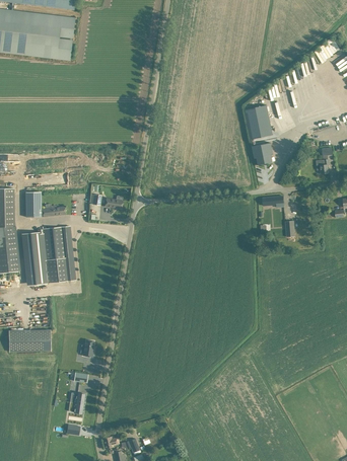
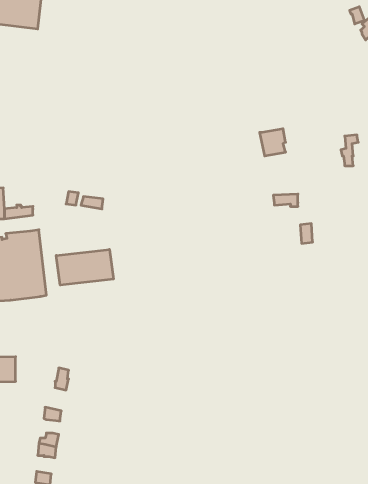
building: [244,103,272,138] -> none
building: none -> [56,249,113,285]

